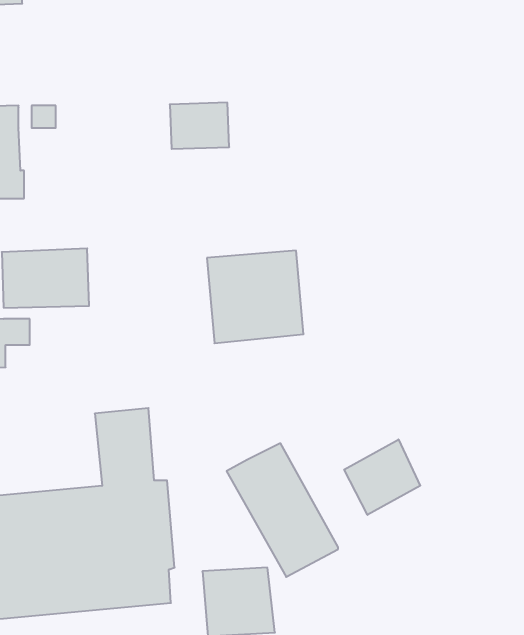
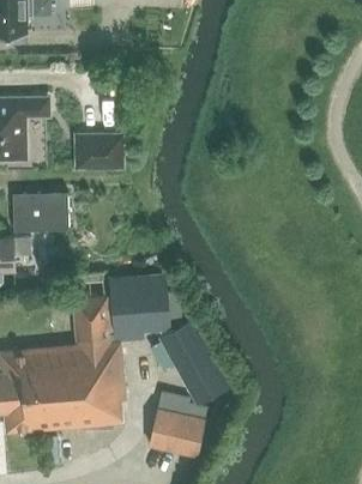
building: [170,103,229,149] -> [78,138,116,168]
building: [207,251,304,343] -> [110,273,173,333]
building: [344,439,420,515] -> none

